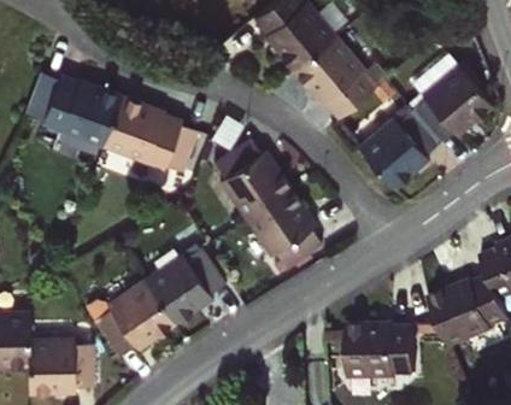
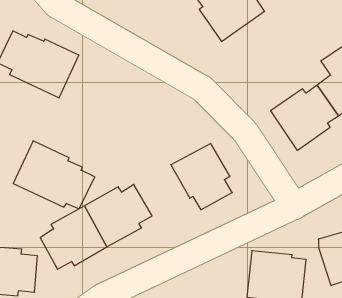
building: [289,28,377,117] -> none
building: [105,102,200,177] -> [13,141,95,209]
building: [212,140,289,221] -> none

